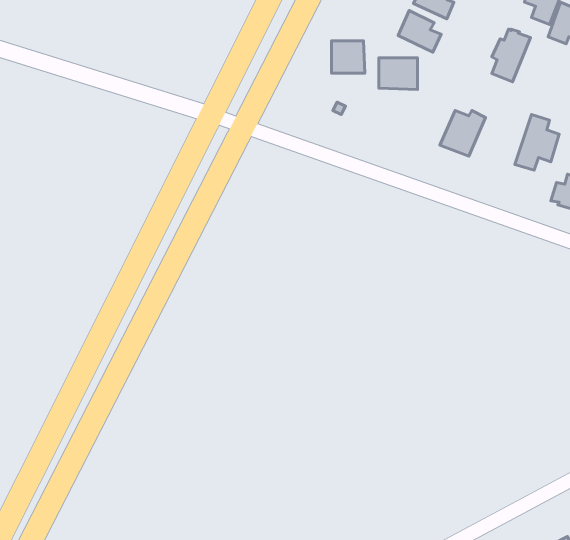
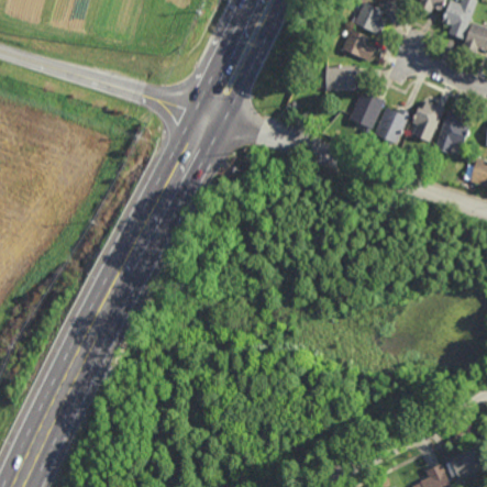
building: [492,29,531,82] -> [413,100,444,142]
building: [332,41,365,73] -> none
building: none -> [350,90,385,133]

